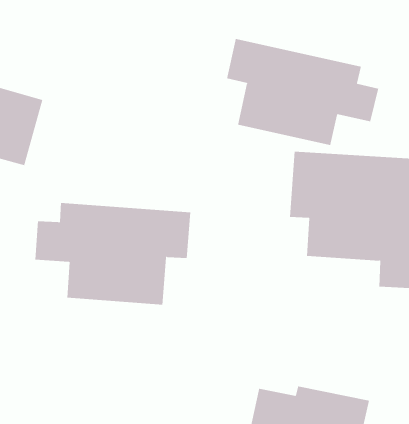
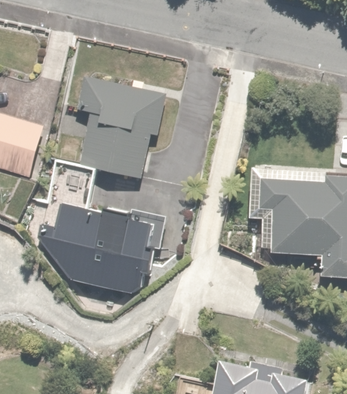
building: [227,38,379,146] -> none
building: none -> [77,76,162,177]

